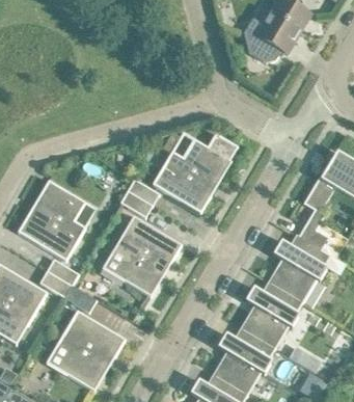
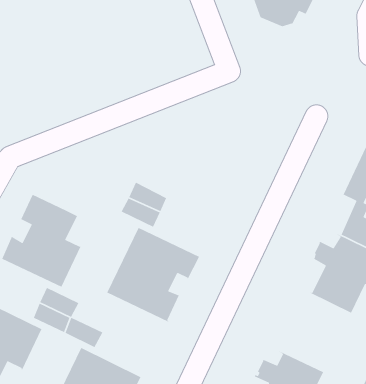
building: [152,133,238,213] -> none
building: [240,283,302,349] -> none

